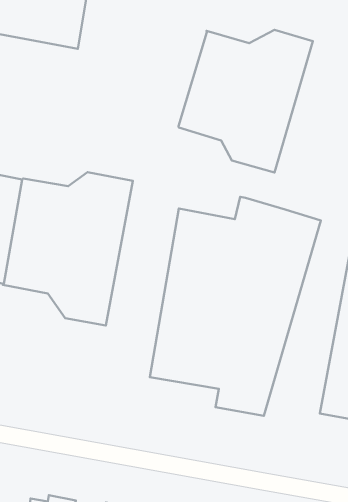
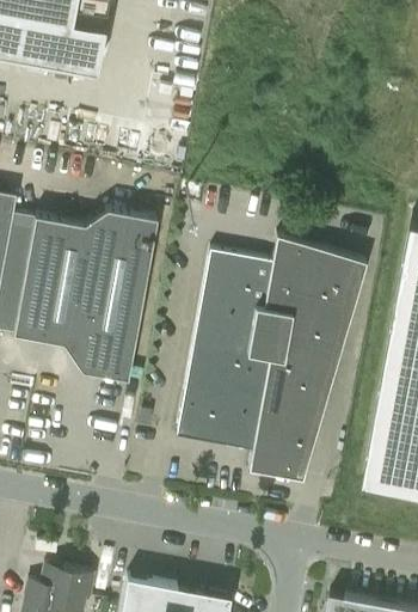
building: [179,30,313,173] -> none

